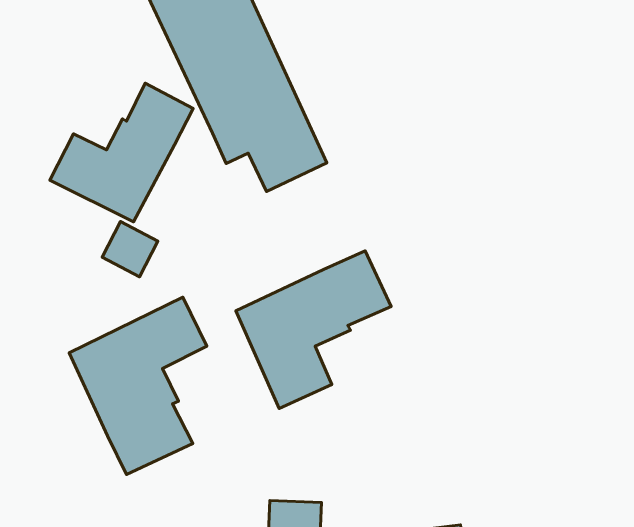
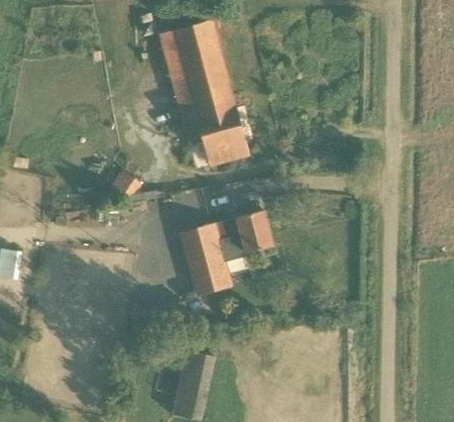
building: [50,83,193,222] -> none
building: [69,297,207,475] -> none

